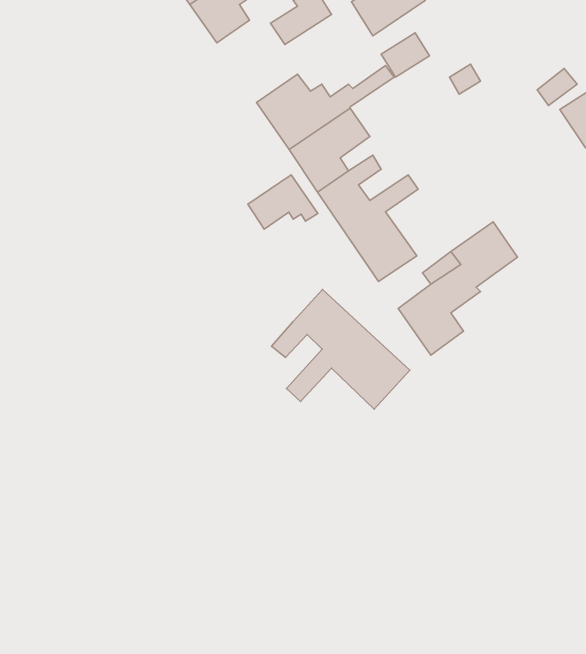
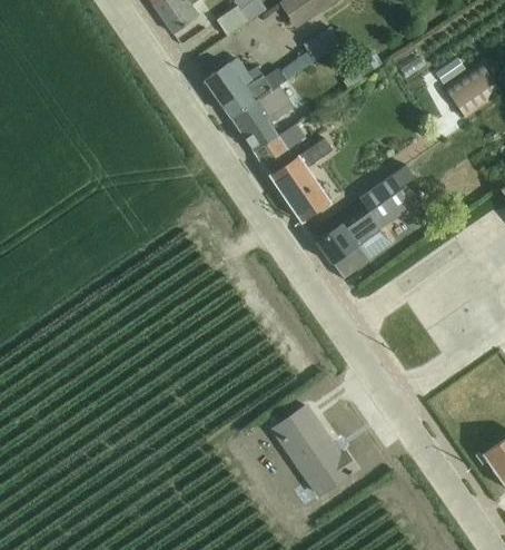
building: [248,175,318,229] -> none
building: [271,289,410,409] -> none
building: none -> [271,406,356,497]

